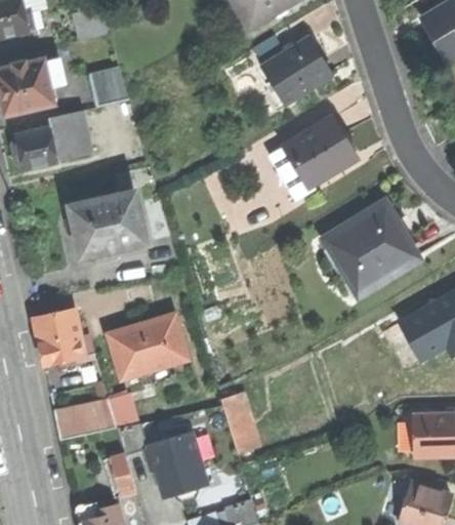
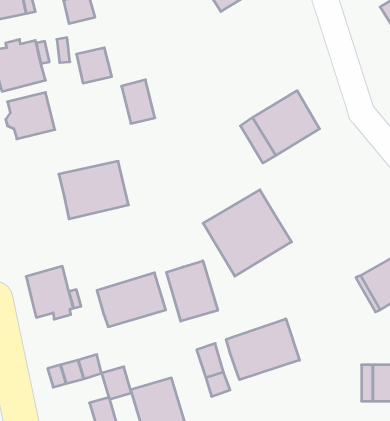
building: [261,35,331,102] -> none
building: [55,109,92,157] -> [121,80,155,123]
building: [323,199,420,294] -> [203,190,292,276]
building: none -> [166,261,218,321]
building: none -> [226,319,300,380]

